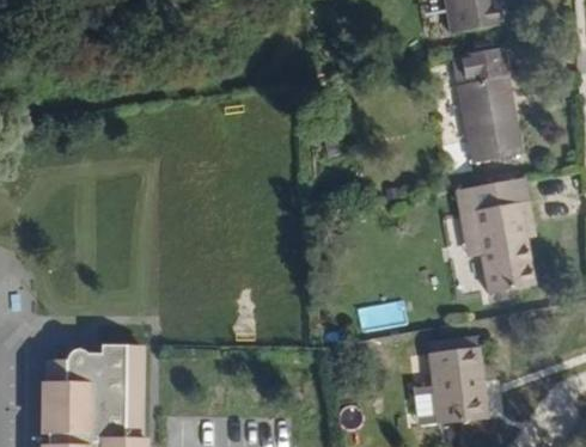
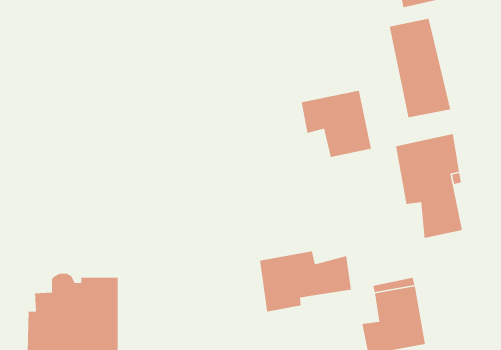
building: none -> [301,90,372,158]
building: none -> [259,251,352,313]

